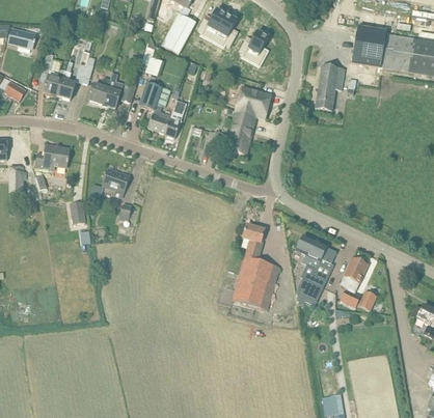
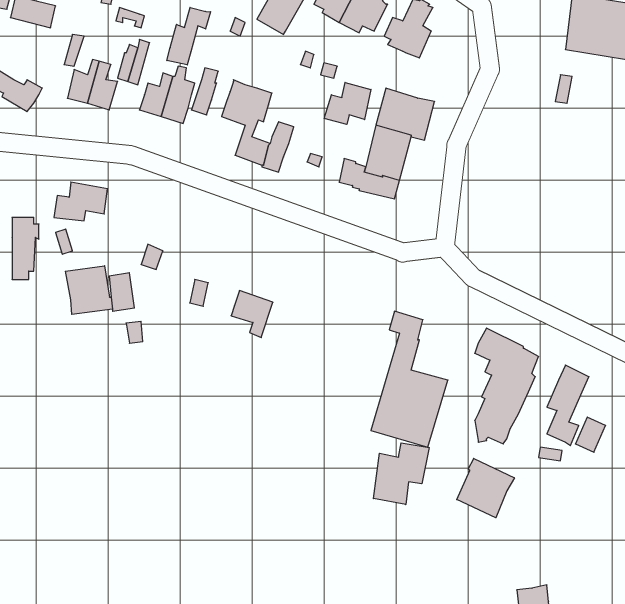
building: none -> [167,7,211,65]
building: [315,63,345,110] -> none
building: none -> [324,82,371,124]
building: [103,167,129,196] -> [231,291,273,338]
building: none -> [65,266,112,314]
building: none -> [373,443,429,505]
building: none -> [457,458,514,518]

